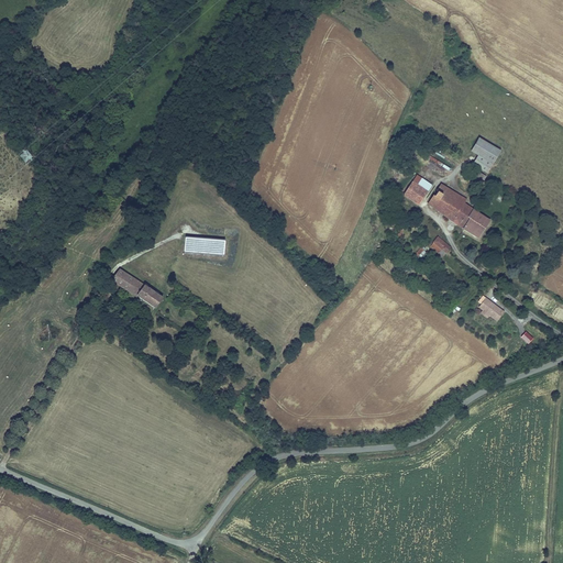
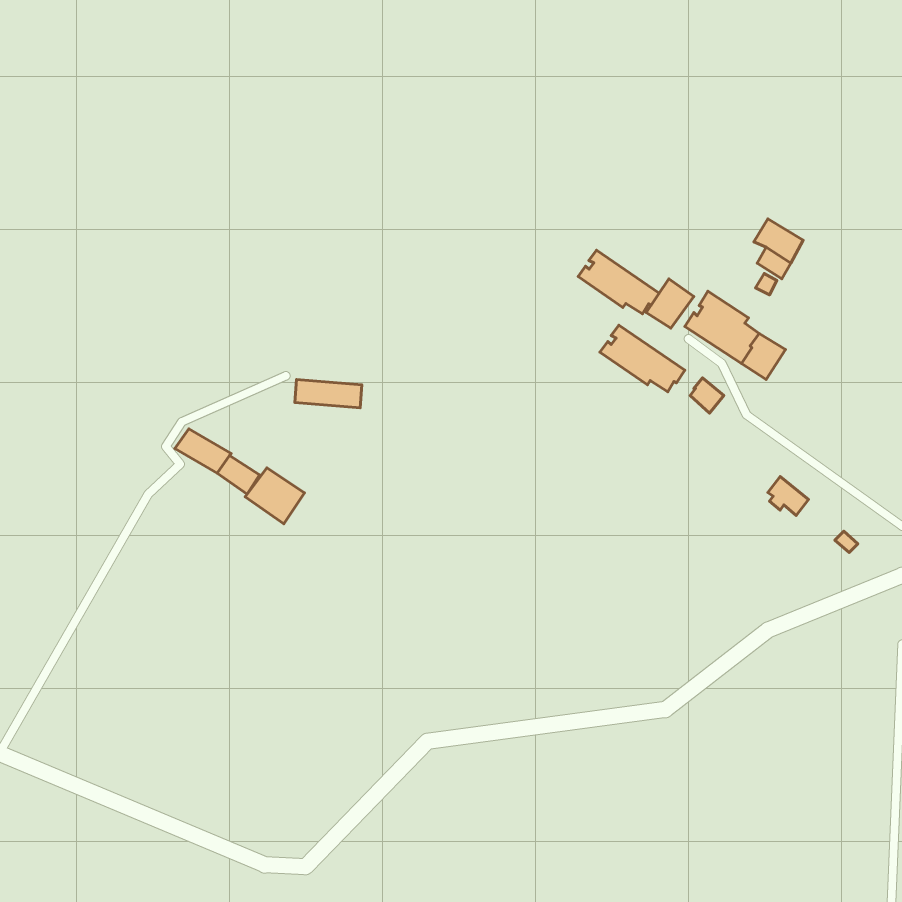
building: none -> [578,250,659,314]
building: none -> [600,325,685,392]
building: none -> [245,468,304,524]

